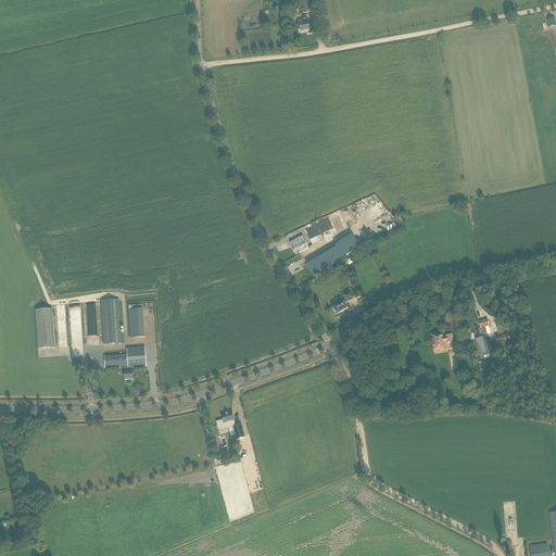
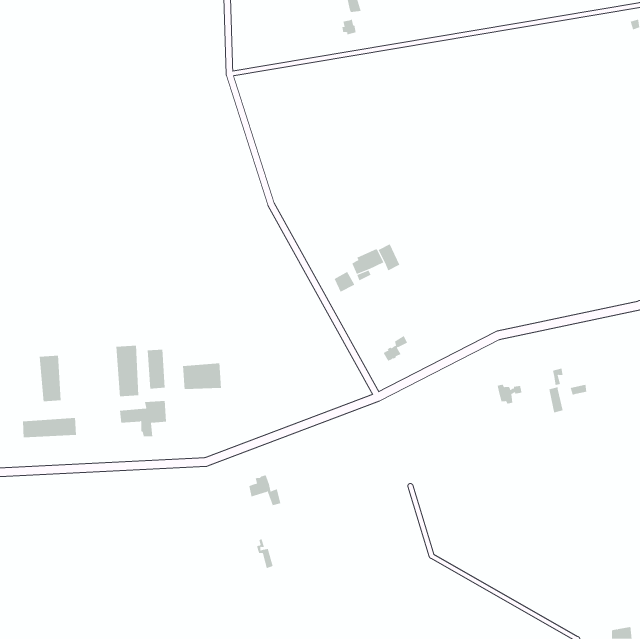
building: [305,233,357,275] -> none
building: none -> [183,363,222,390]
building: none -> [22,417,77,438]

